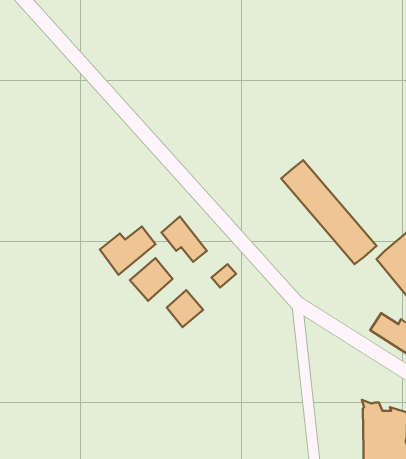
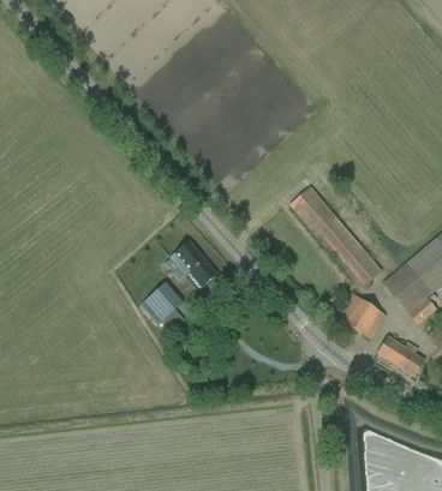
building: [100,227,156,275] -> none
building: none -> [336,293,387,340]
building: [167,290,203,327] -> none

